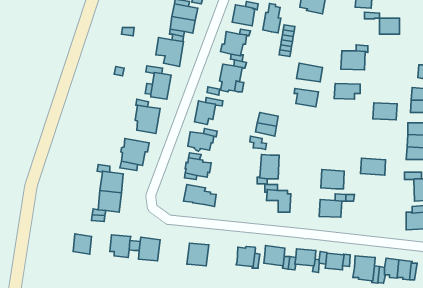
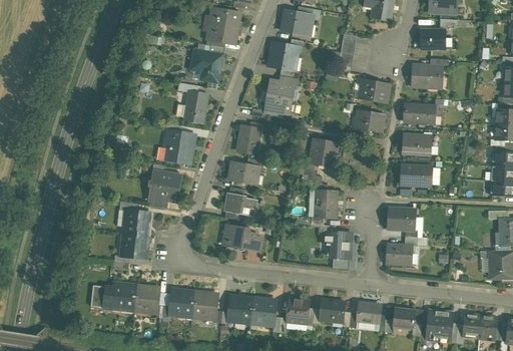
building: [263,4,281,33] -> none
building: [379,18,400,34] -> [421,30,445,49]
building: [373,103,397,120] -> [402,134,431,154]
building: [361,158,386,175] -> [401,165,431,186]
building: none -> [111,283,137,311]
building: none -> [192,292,218,320]
building: none -> [250,298,277,326]

